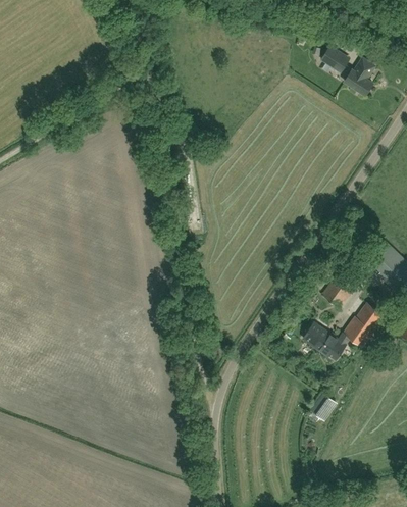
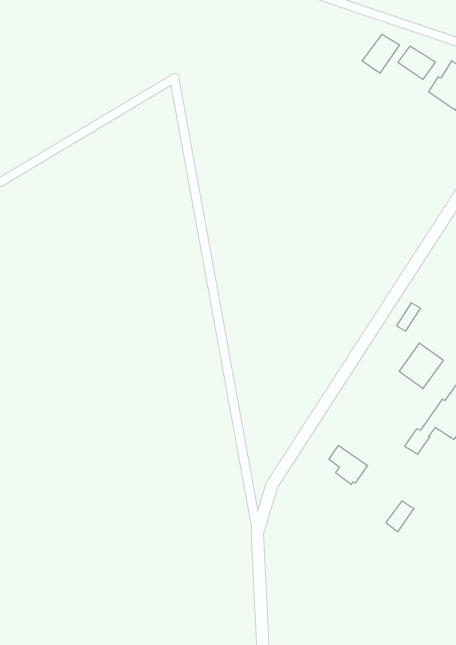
building: none -> [362,34,399,73]
building: [306,323,336,353] -> [329,446,368,484]

